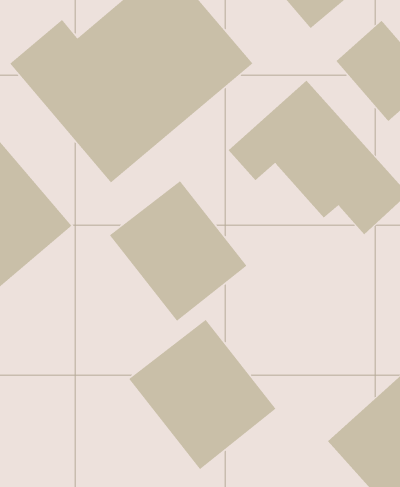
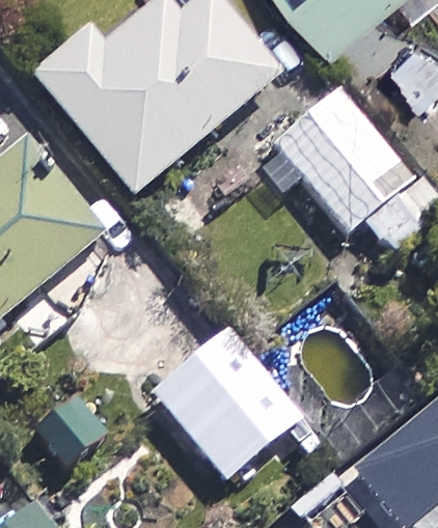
building: [109,180,247,322] -> none

